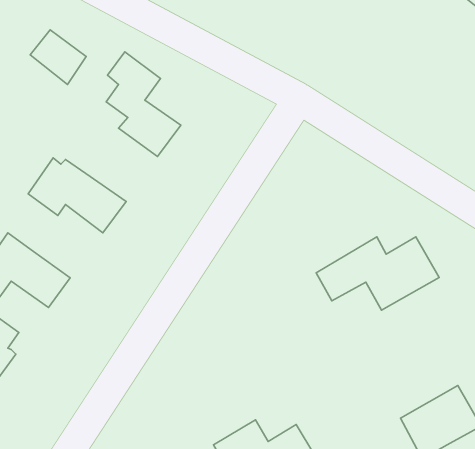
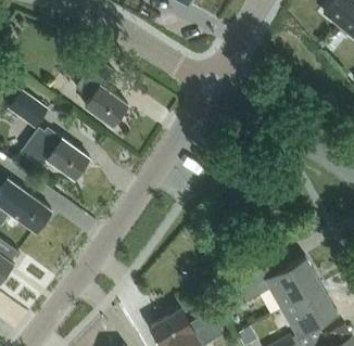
building: [30,30,86,84] -> [9,91,48,129]
building: [316,237,439,310] -> [236,258,321,309]

